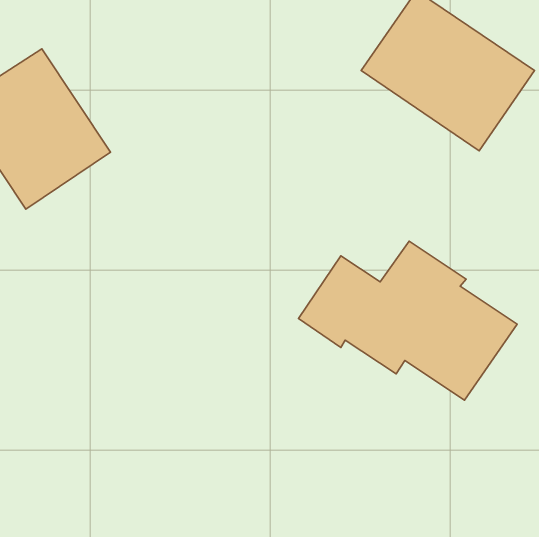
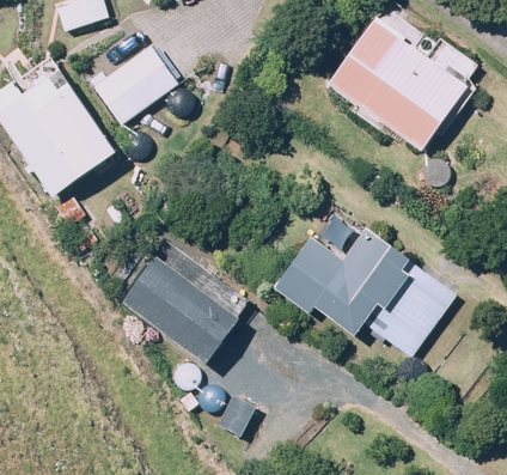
building: none -> [90,43,177,124]
building: none -> [122,256,243,364]

